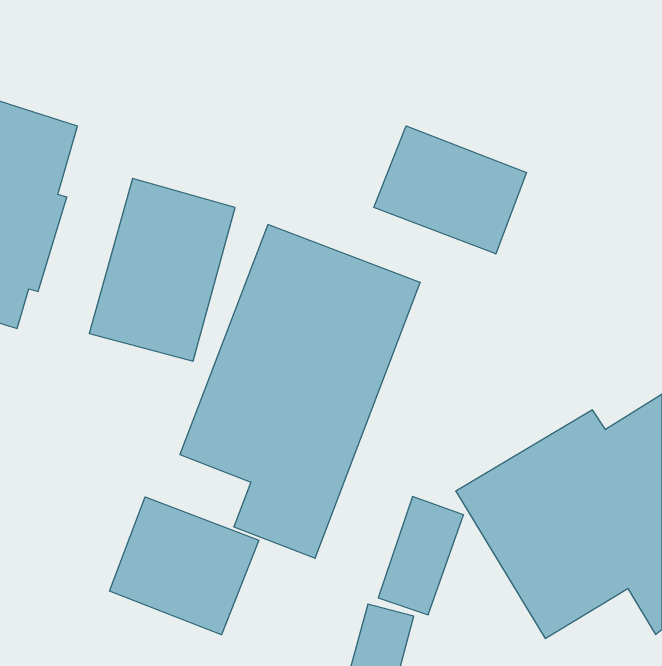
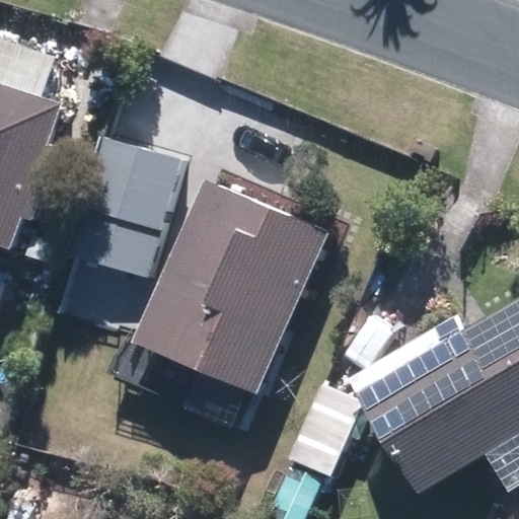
building: [374,126,527,254] -> none
building: [109,497,259,635] -> none

